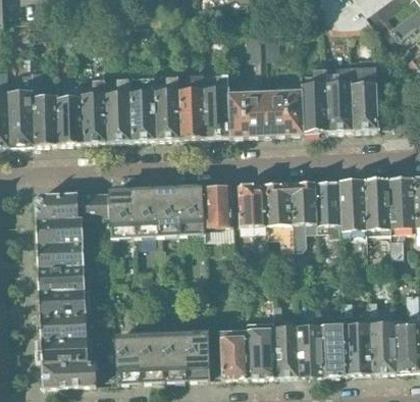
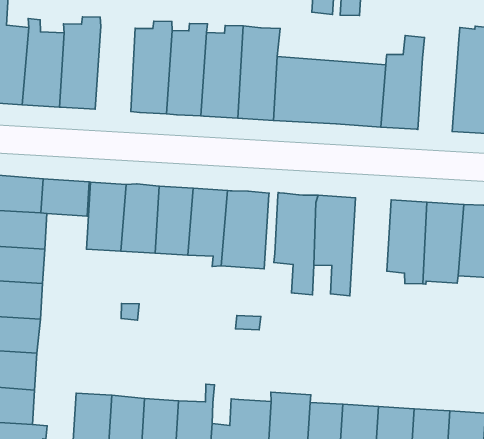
building: [327,67,353,132] -> none
building: [106,77,133,141] -> none
building: [292,182,318,250] -> none

